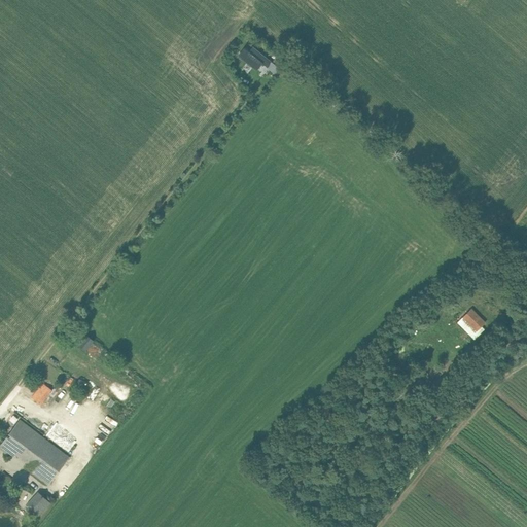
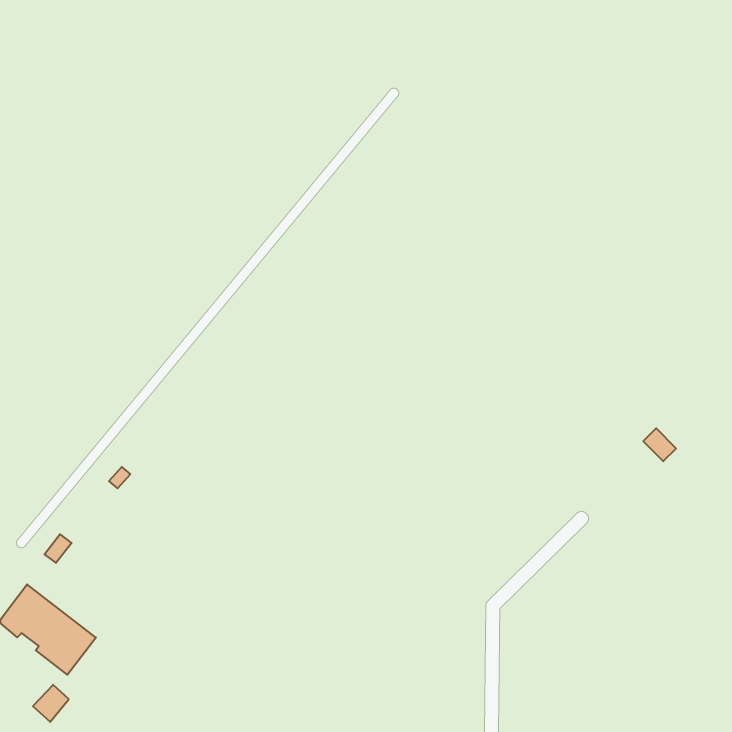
building: [238,46,272,71] -> none

